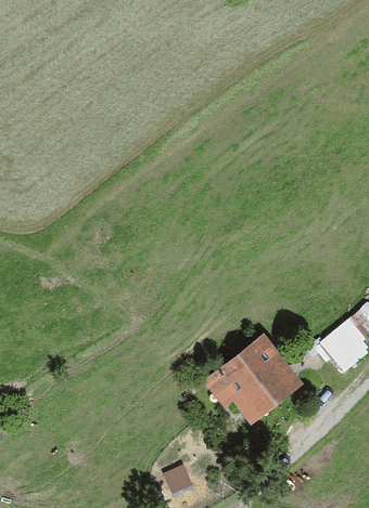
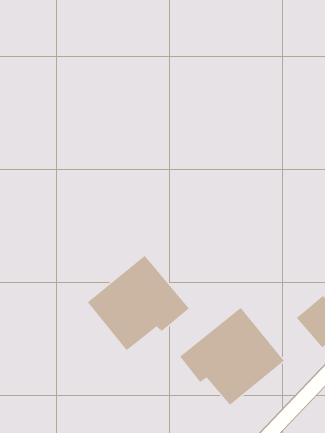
building: none -> [87,255,190,351]

